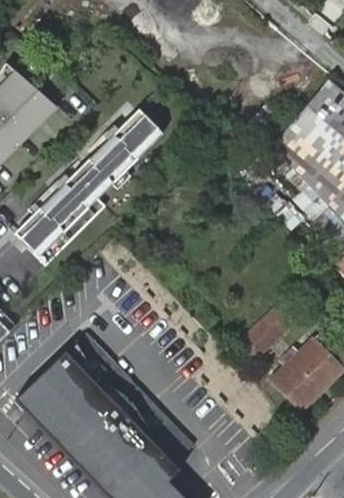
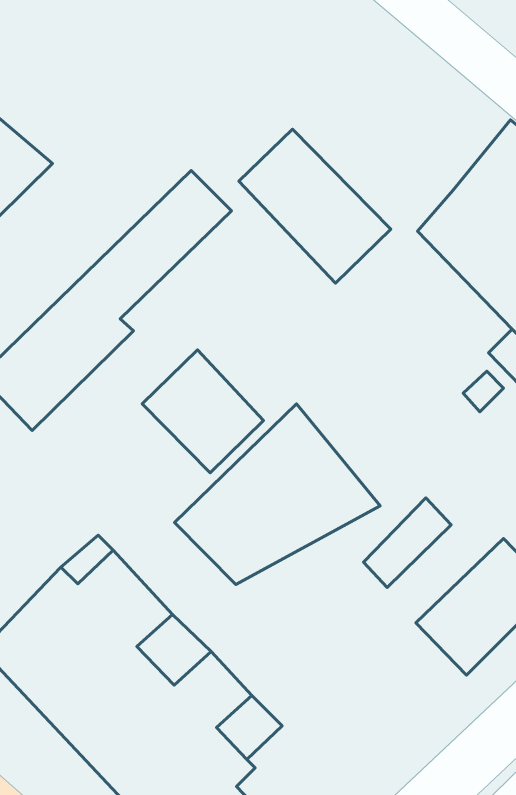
building: none -> [239,129,391,283]
building: none -> [142,350,264,473]
building: none -> [175,404,380,584]

